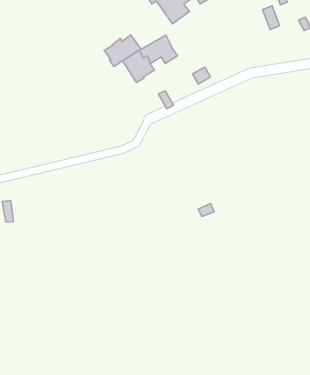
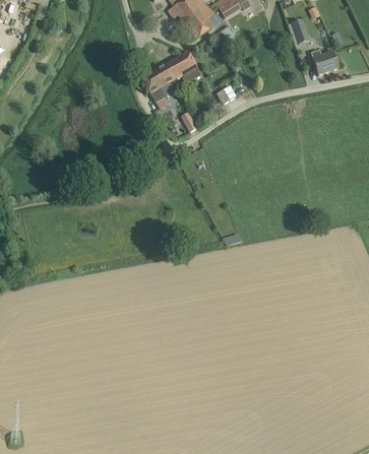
building: none -> [311,49,339,74]
building: [104,35,141,66] -> none

